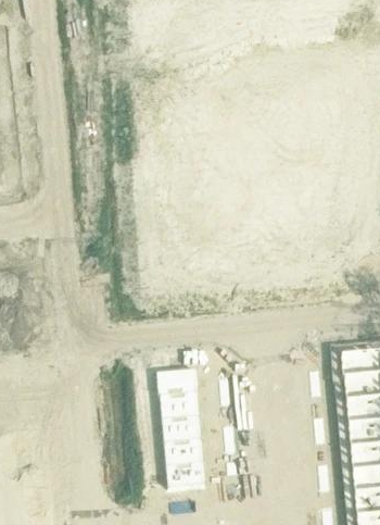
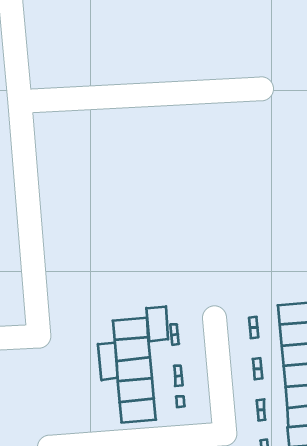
building: none -> [146,306,168,342]
building: none -> [98,343,117,380]

